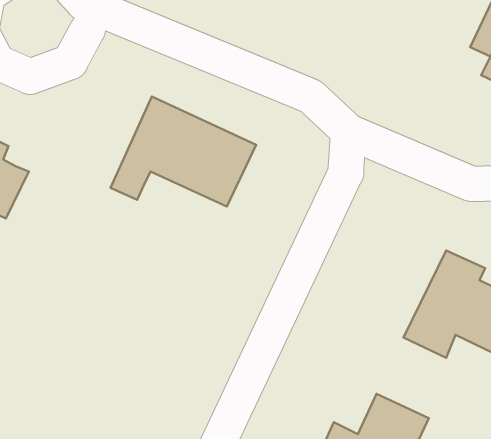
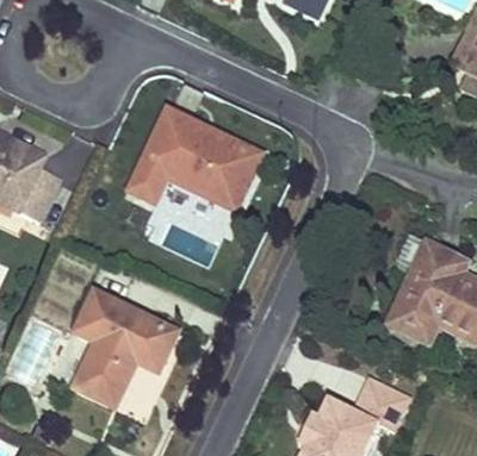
building: none -> [74,289,176,405]

